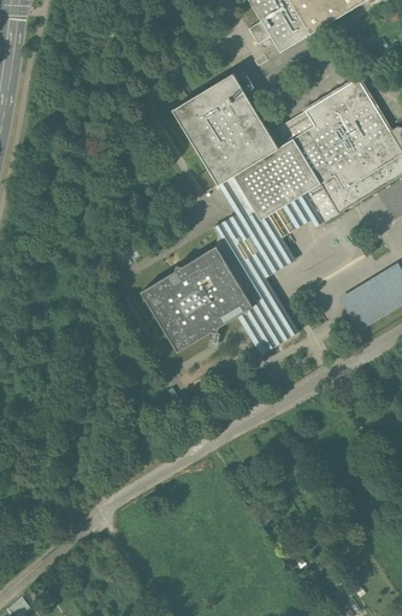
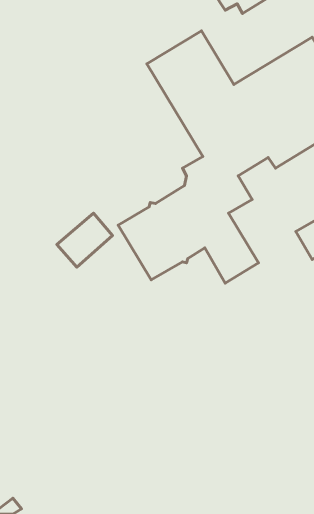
building: none -> [57,213,113,267]

